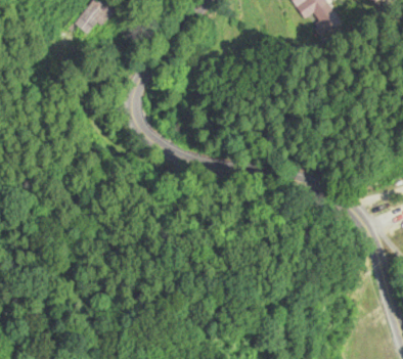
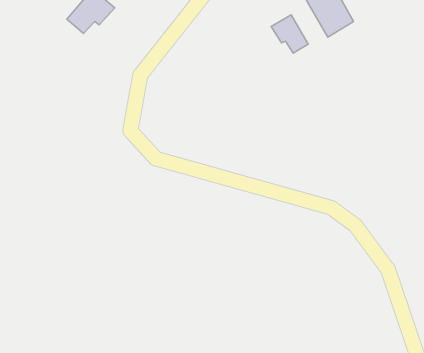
building: none -> [271,15,308,53]

